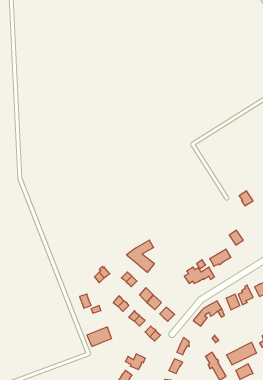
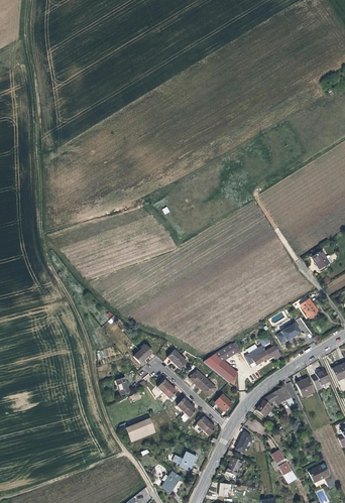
building: [127,240,154,272] -> [204,343,238,382]
building: [226,342,256,365] -> none

